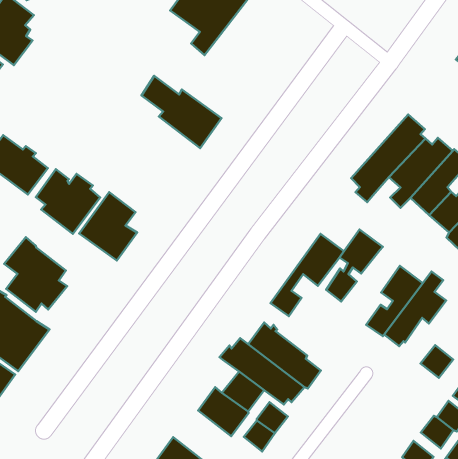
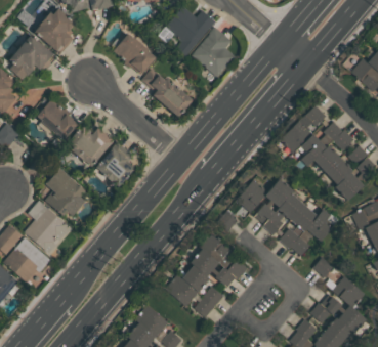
building: none -> [191,28,236,78]
building: none -> [113,33,156,75]
building: none -> [262,192,303,235]

